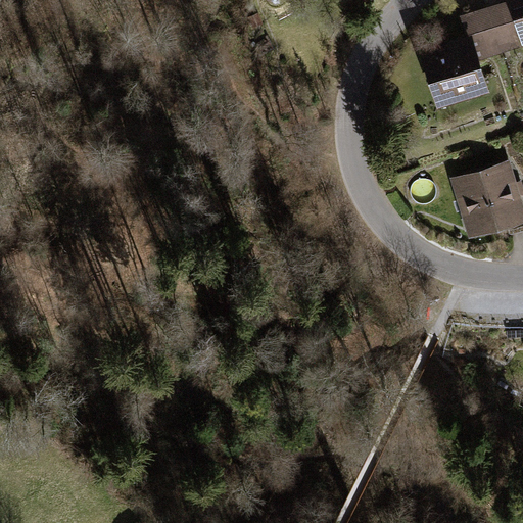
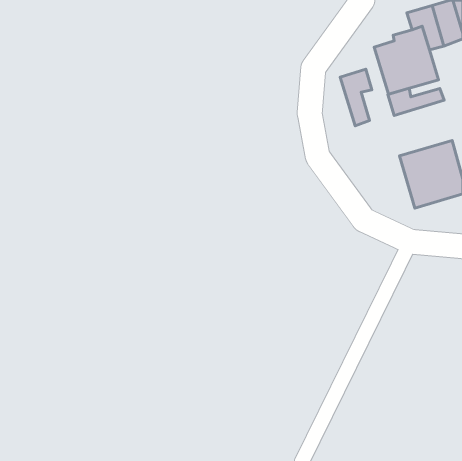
building: none -> [340,69,372,126]
building: none -> [388,88,444,115]

